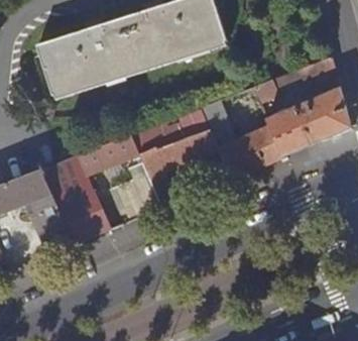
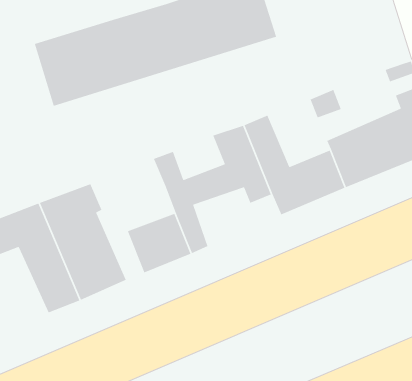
building: [83,134,140,175] -> none

